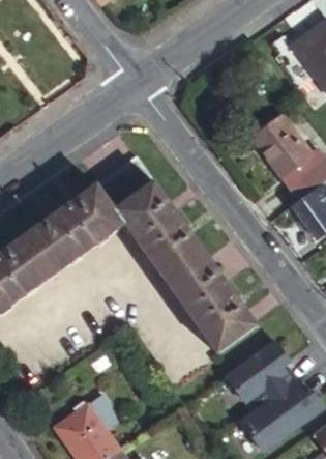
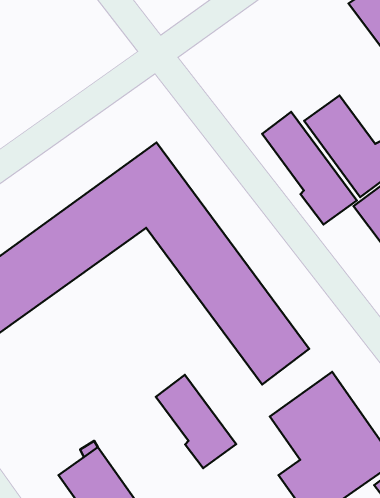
building: none -> [262,112,357,225]
building: none -> [156,375,236,468]

